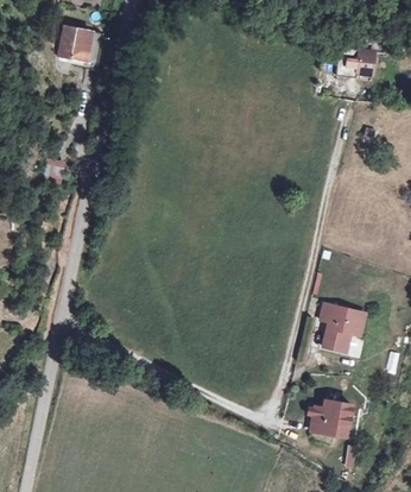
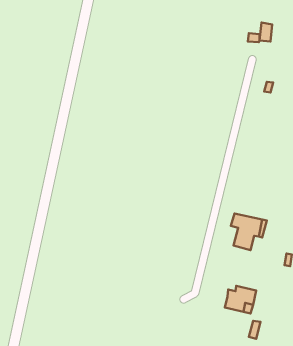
building: [58,26,102,69] -> none

